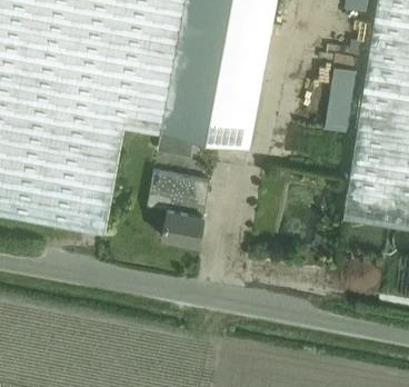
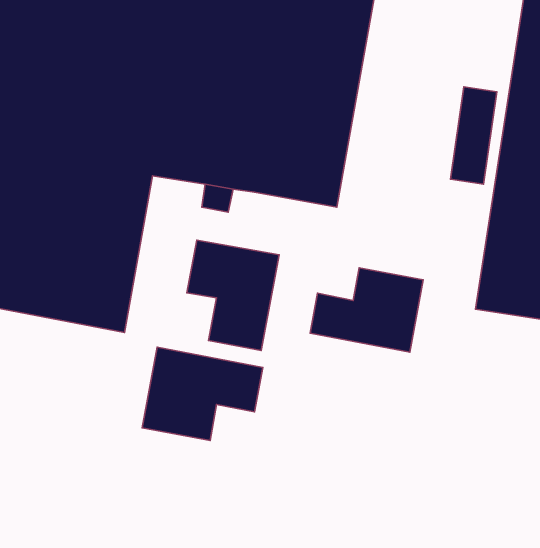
building: none -> [310,268,423,352]
building: none -> [142,347,263,441]

